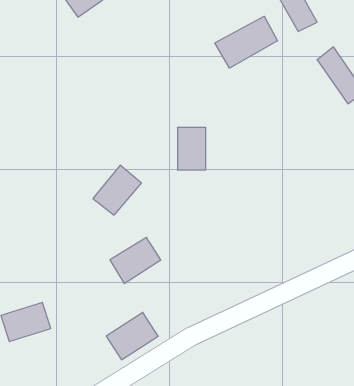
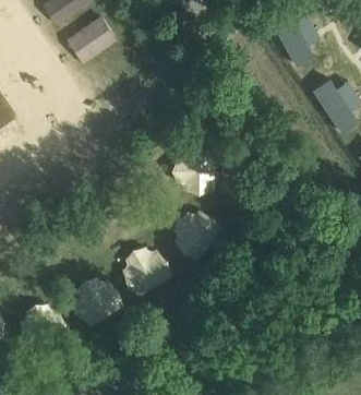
building: [215,16,278,68] -> none
building: [93,165,141,215] -> [175,216,219,262]
building: [106,312,158,360] -> [72,285,120,328]

